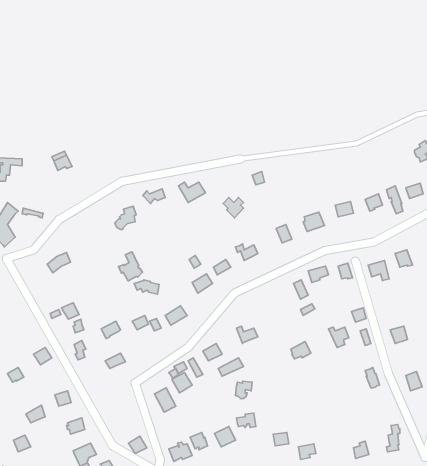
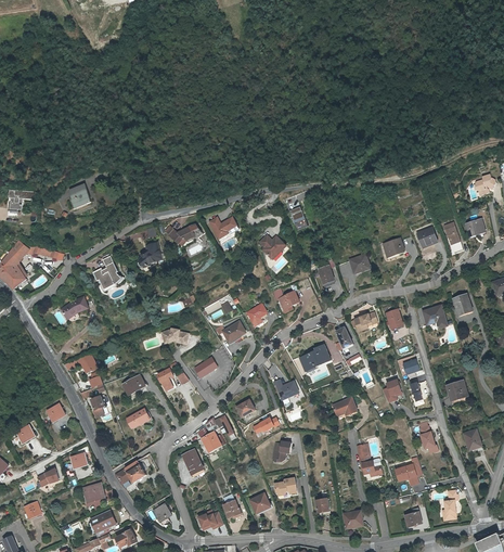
building: [118,252,143,281] -> [93,256,120,288]
building: none -> [298,344,332,372]
building: none -> [356,442,382,476]
building: none -> [395,457,423,487]
building: none -> [115,460,147,485]

